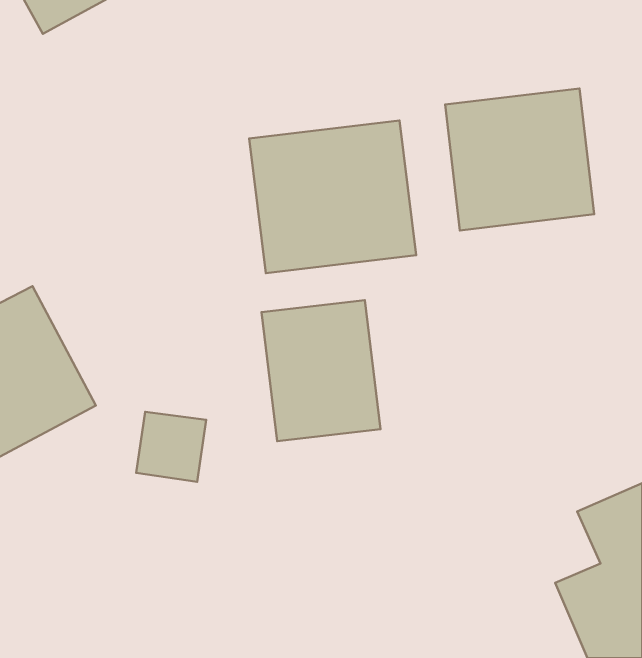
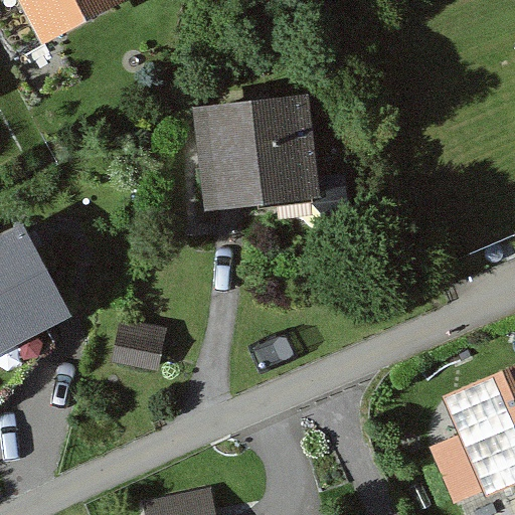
building: [445,88,594,230] -> none
building: [262,300,381,441] -> none

